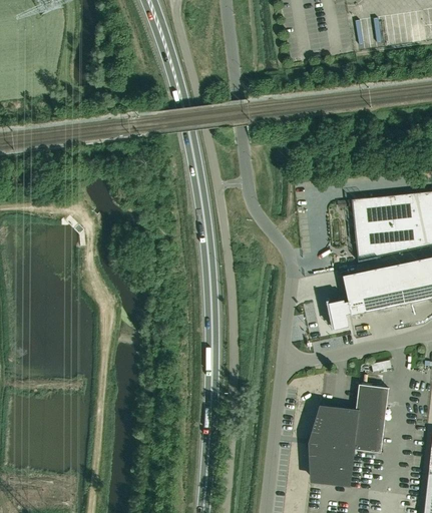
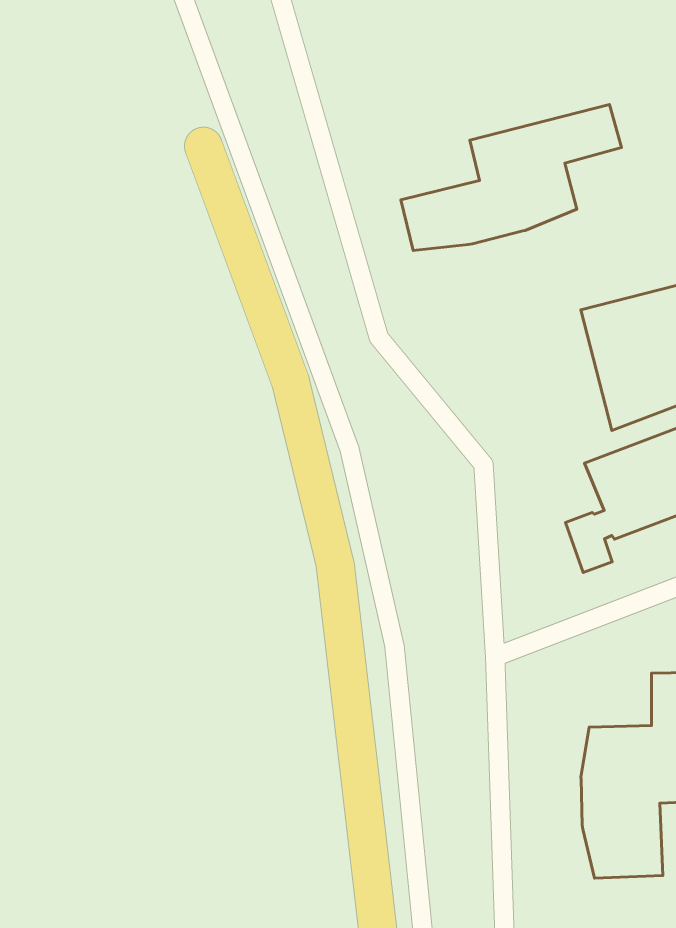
building: none -> [401,105,622,251]

